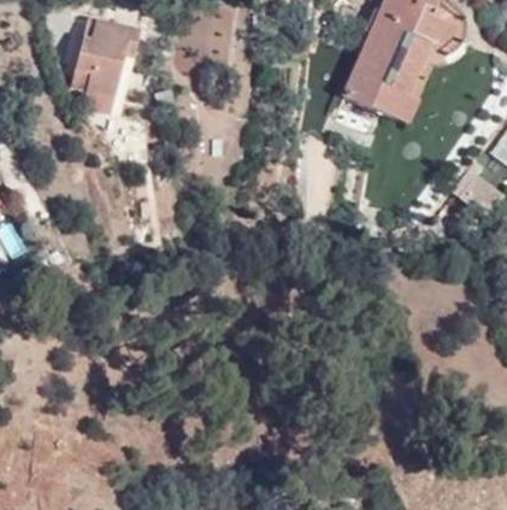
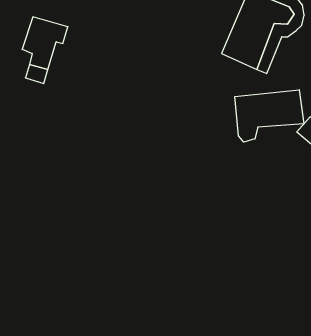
building: none -> [235,90,304,142]

